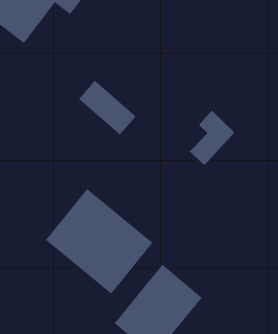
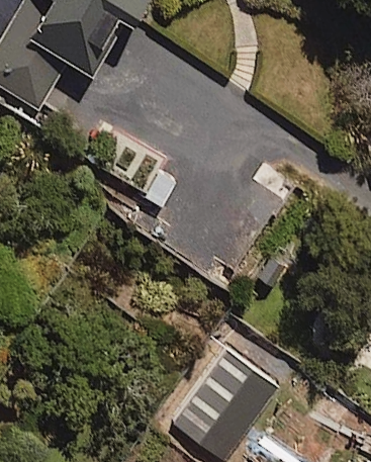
building: [45,188,153,294] -> none

